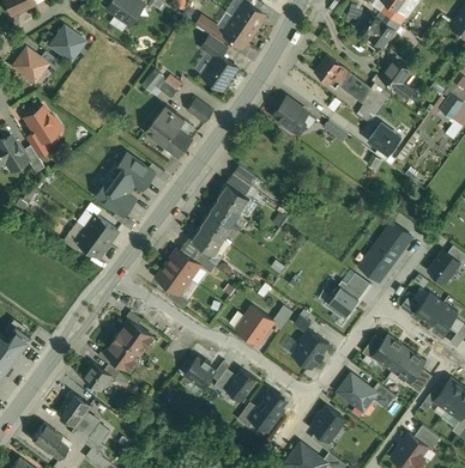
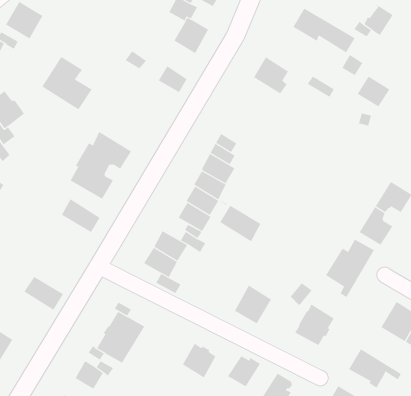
building: [145,107,192,158] -> [42,56,92,110]
building: [73,227,110,261] -> [24,276,64,311]
building: none -> [220,205,261,242]

